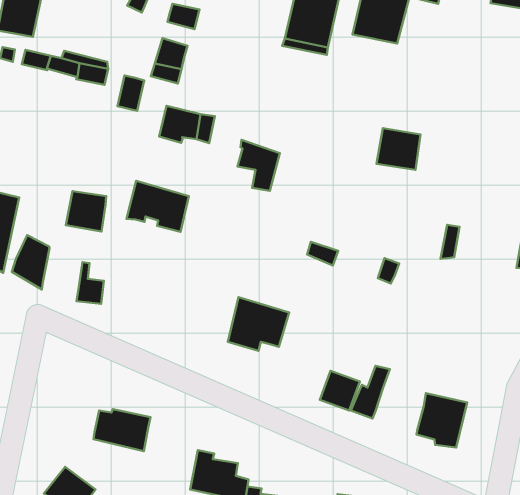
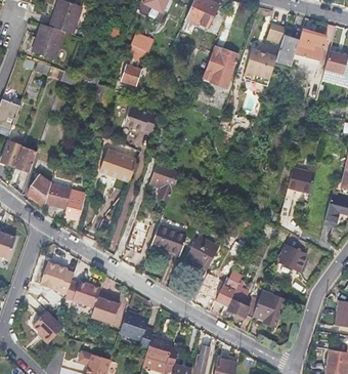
building: [376,128,420,170] -> [288,164,315,191]
building: [238,140,280,191] -> [153,160,178,192]
building: [66,191,106,232] -> [44,182,70,208]
building: none -> [181,233,219,273]
building: none -> [275,244,305,271]
building: none -> [38,261,72,293]
building: none -> [227,286,259,317]
building: none -> [89,294,116,323]

